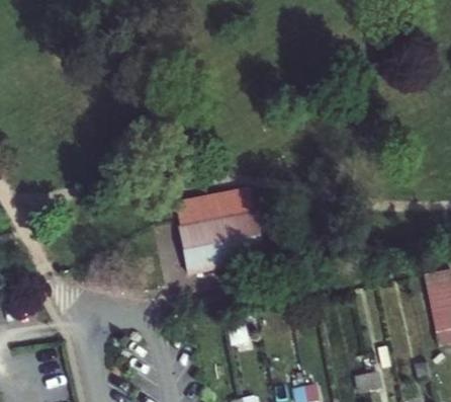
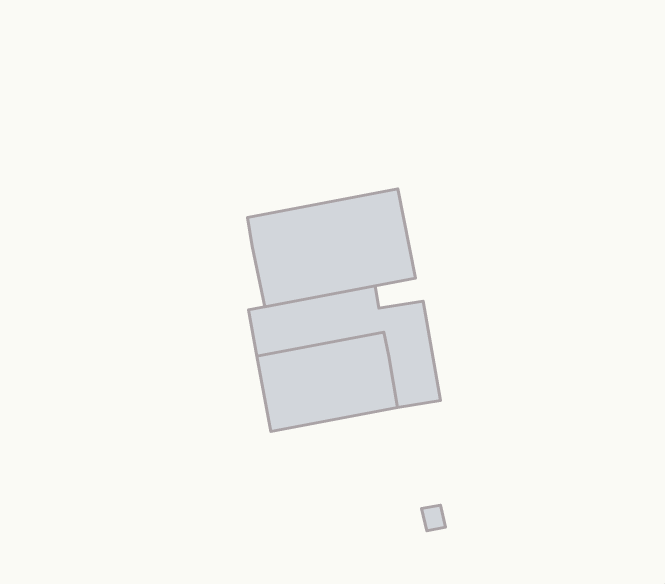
building: none -> [247,189,415,307]

